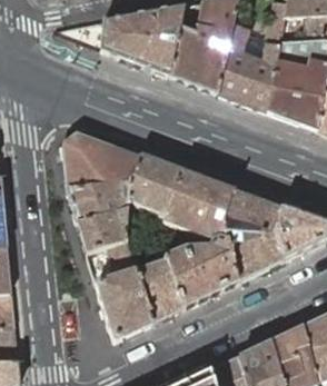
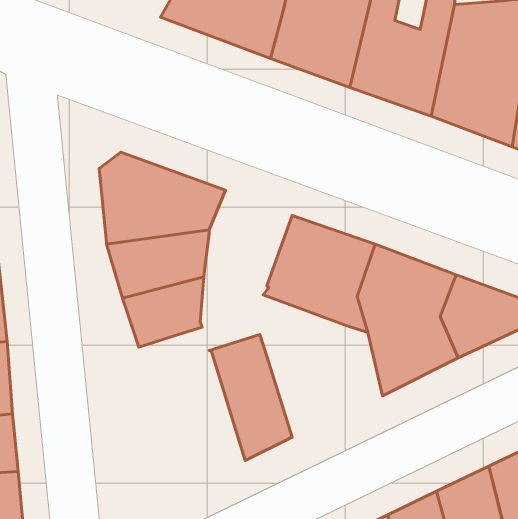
building: [128,155,181,214] -> none
building: [166,238,237,307] -> none
building: [96,239,152,339] -> none

